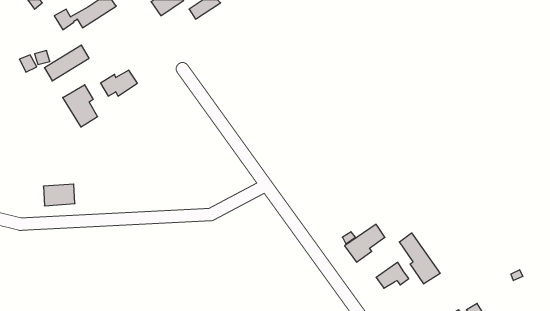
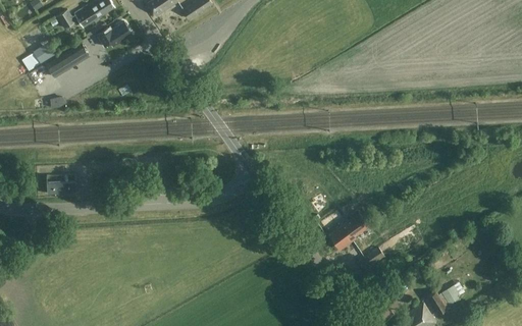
building: [100,70,137,96] -> [97,21,132,46]
building: [63,85,98,127] -> none
building: [399,233,440,284] -> none

